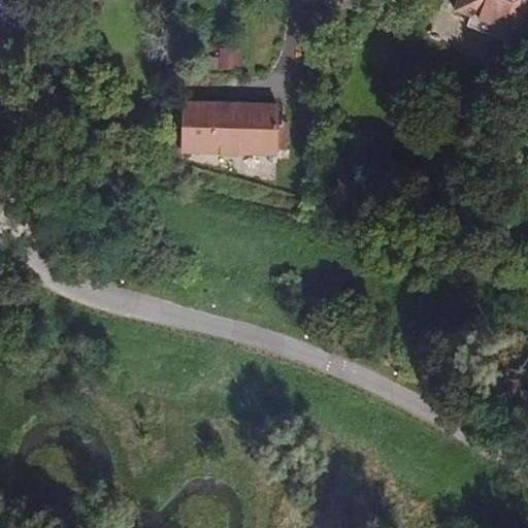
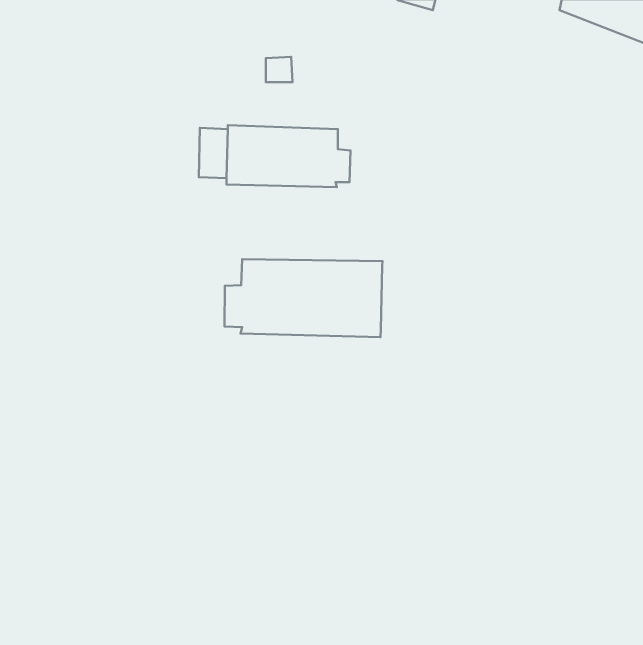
building: none -> [225,259,383,337]

